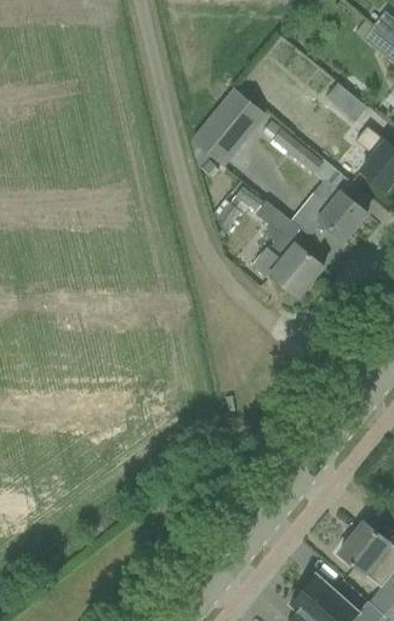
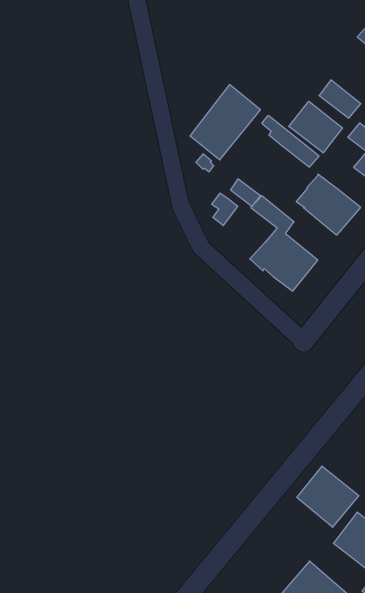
building: none -> [289,101,342,153]
building: none -> [297,466,359,527]

